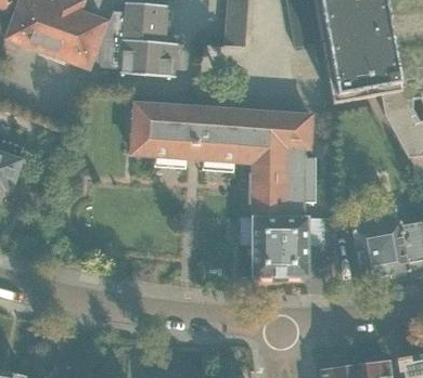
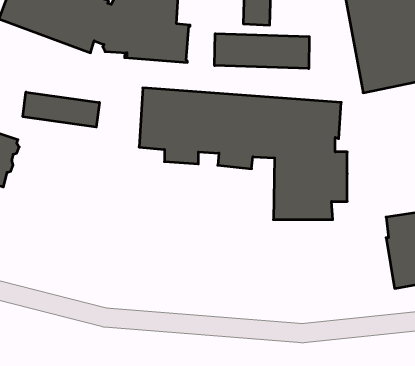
building: none -> [215,34,309,69]
building: none -> [23,92,99,127]
building: [242,218,324,276] -> none

